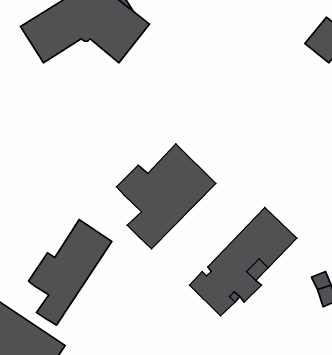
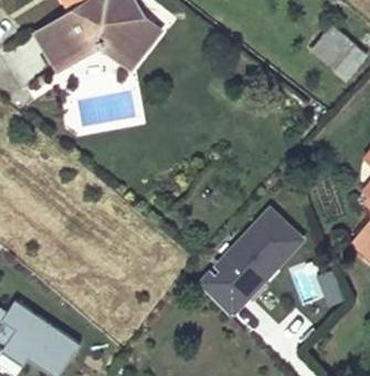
building: [116,144,216,249] -> none
building: [29,220,112,325] -> none

